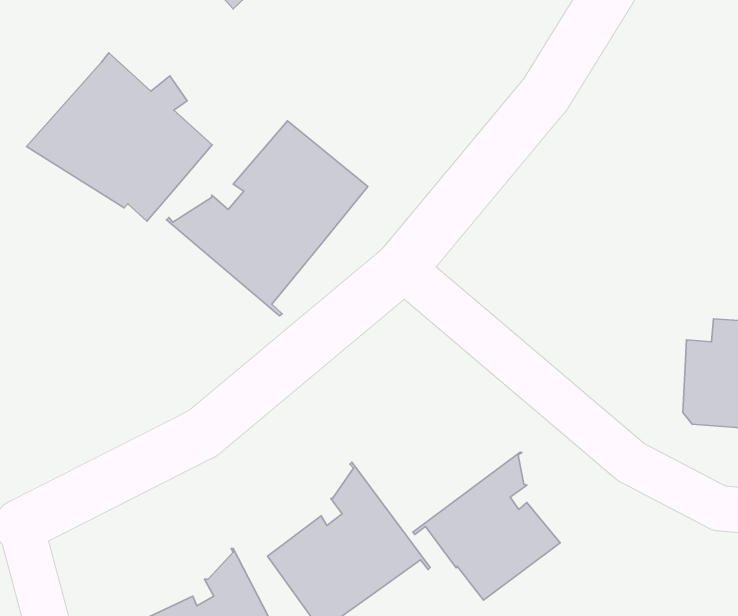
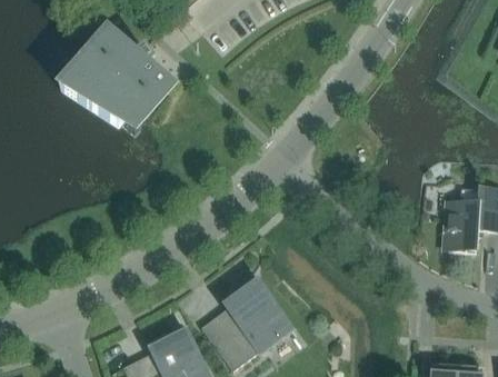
building: [166,121,368,316] -> none
building: [413,452,560,600] -> none

